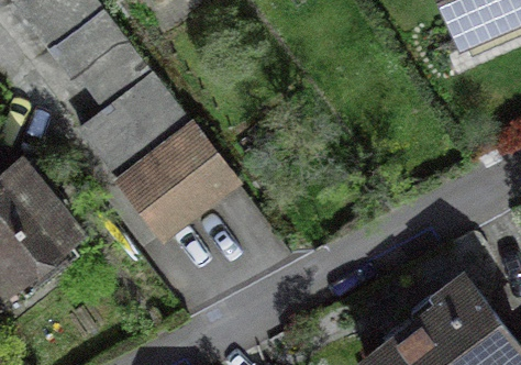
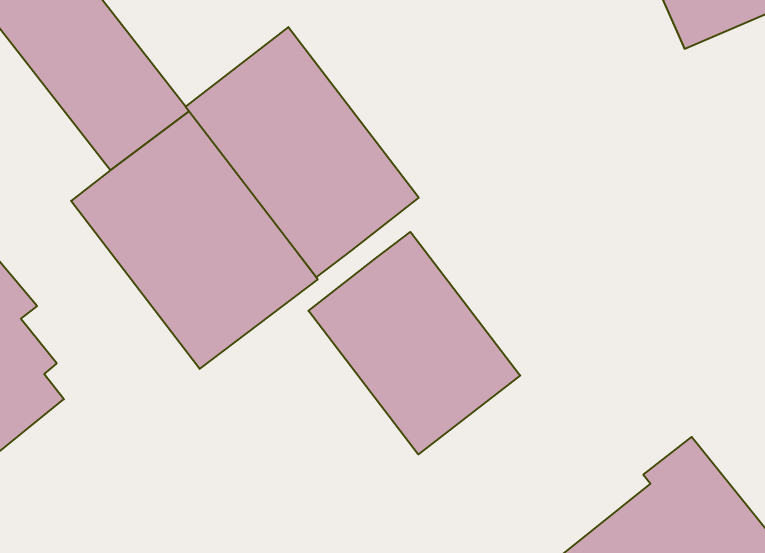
building: none -> [186,27,419,277]
building: none -> [308,232,520,454]

